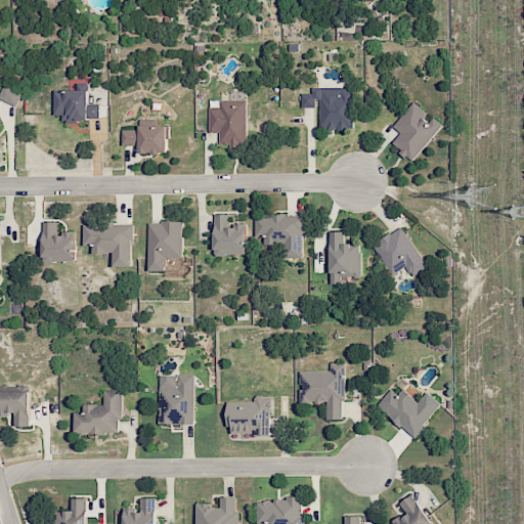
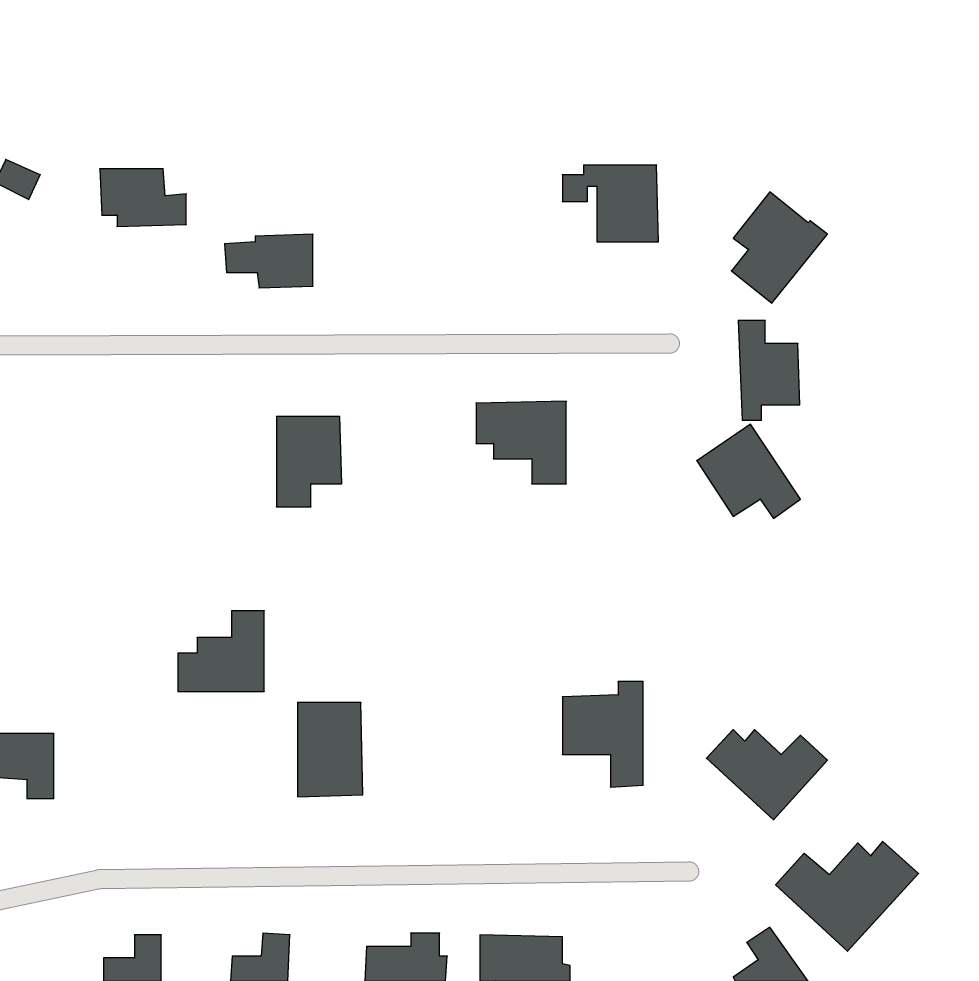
building: [208,99,246,147] -> none
building: [213,214,246,255] -> none
building: [42,221,74,262] -> none
building: [83,223,131,267] -> none
building: [328,231,360,285] -> [738,320,800,420]
building: [74,390,120,433] -> [178,611,264,691]
building: [226,396,270,436] -> none
building: none -> [776,841,919,951]

